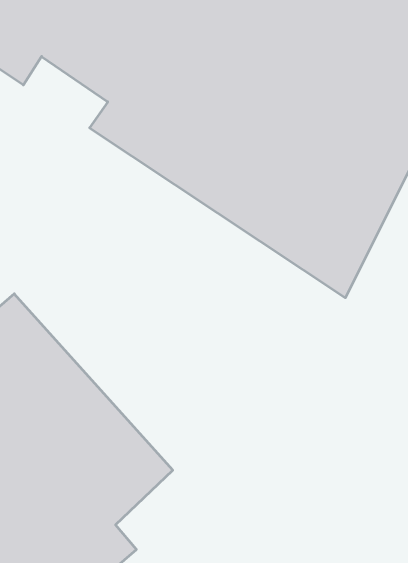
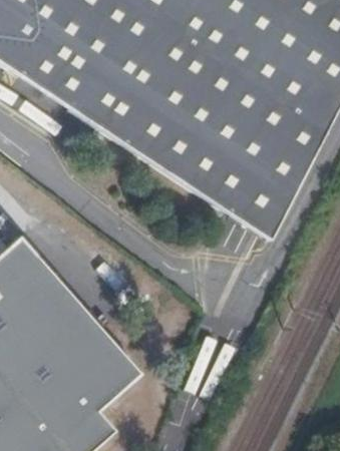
building: none -> [23,53,88,108]

